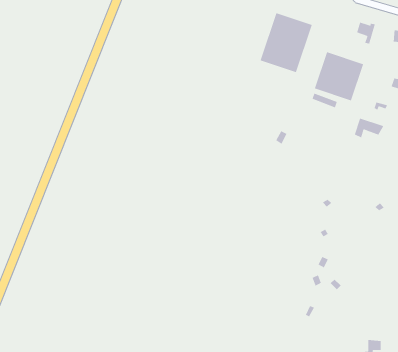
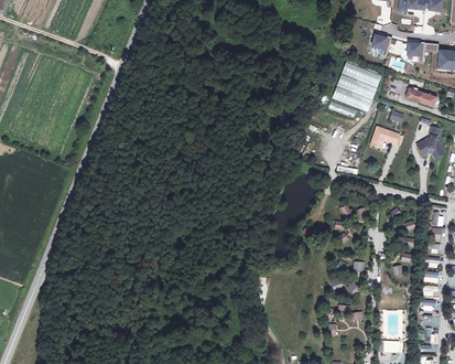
building: [260,12,313,73] -> none

